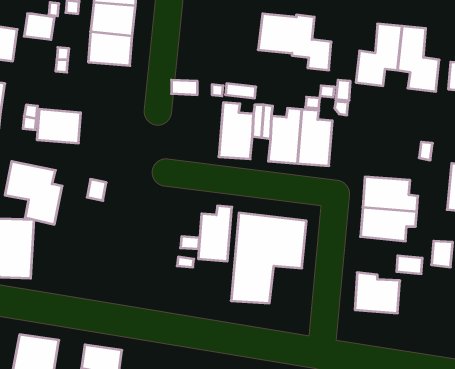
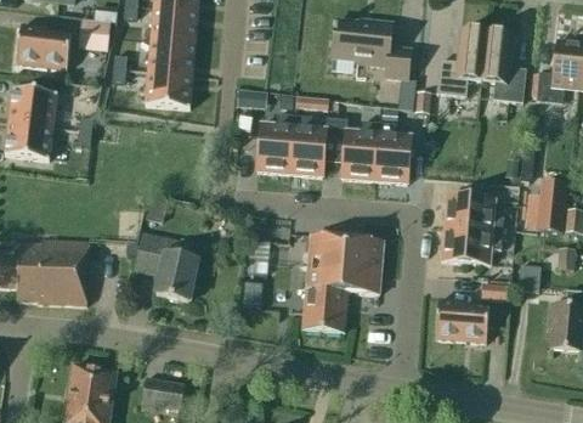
building: [37,109,81,143] -> [146,70,193,107]
building: [5,161,62,224] -> [135,232,197,300]
building: [198,206,232,261] -> [257,113,294,173]

